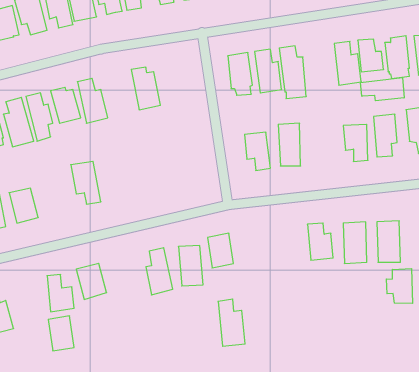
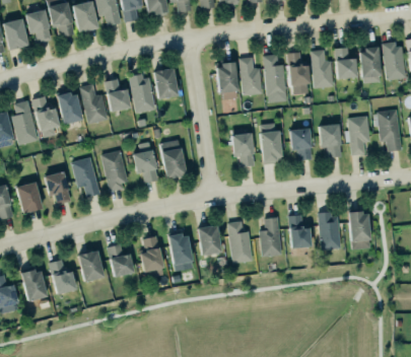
building: none -> [286,52,309,84]
building: none -> [151,67,177,98]
building: none -> [104,78,129,111]
building: [360,77,404,101] -> none
building: none -> [288,127,311,159]
building: none -> [158,138,185,177]
building: none -> [130,140,158,184]
building: none -> [99,148,128,192]
building: none -> [45,171,72,205]
building: none -> [261,218,282,257]
building: none -> [108,244,135,277]
building: [386,269,413,303] -> none
building: [218,299,245,346] -> [229,221,254,264]
building: [48,316,74,351] -> [23,270,47,301]

